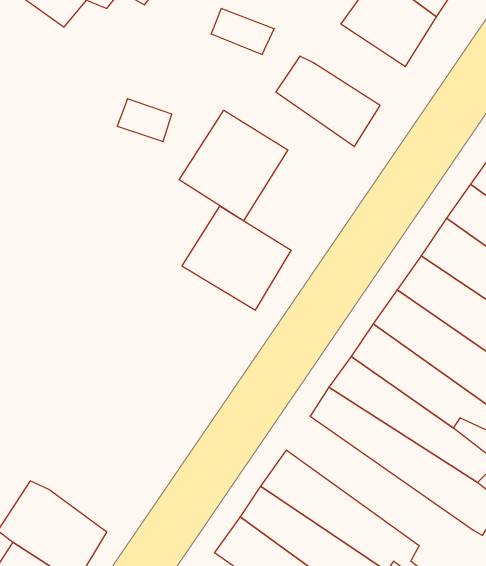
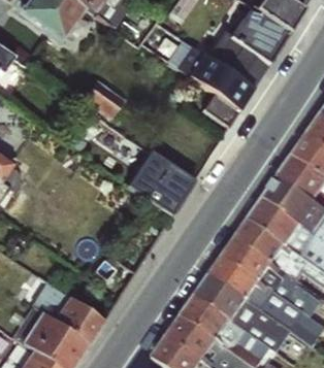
building: none -> [212,37,267,87]
building: [179,110,288,221] -> none
building: none -> [195,274,309,356]
building: none -> [38,282,102,344]

